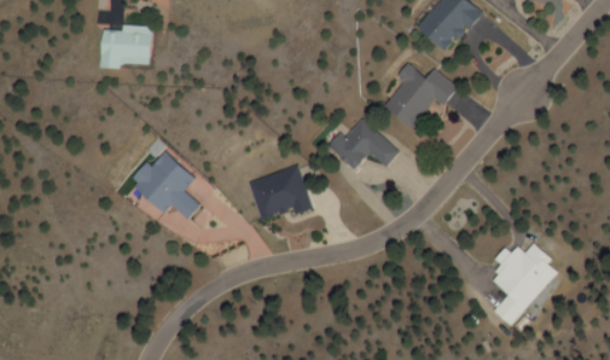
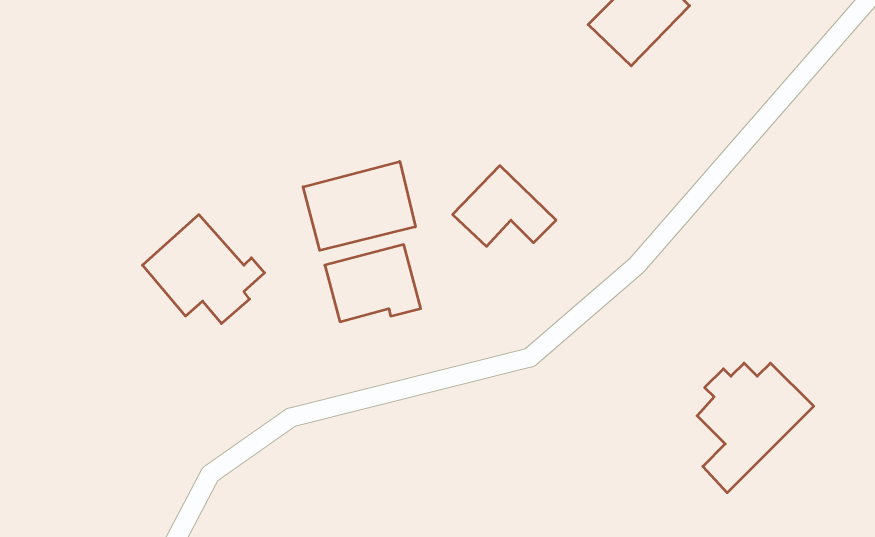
building: [109,27,159,69] -> none
building: [383,63,457,129] -> none
building: none -> [303,161,415,250]

